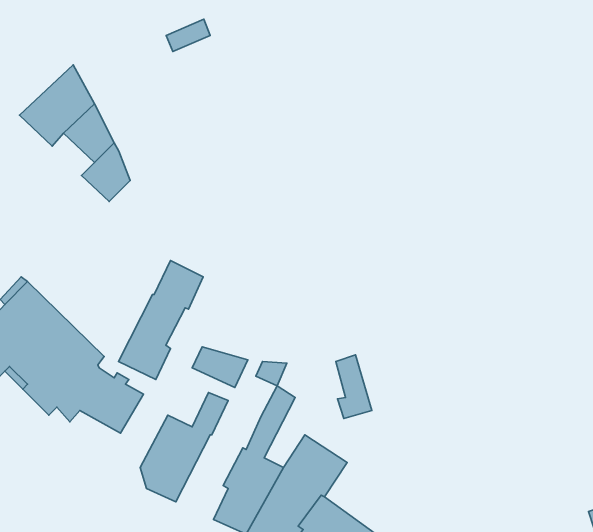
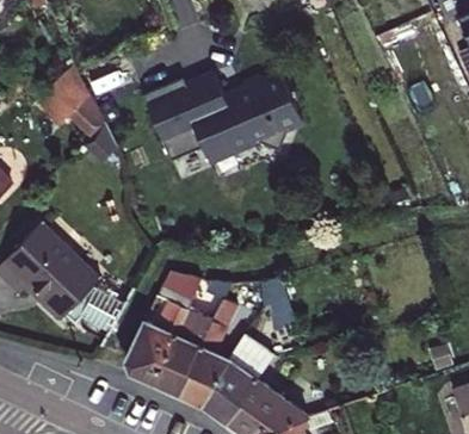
building: none -> [147,76,308,168]
building: [118,260,203,379] -> [149,309,211,396]

